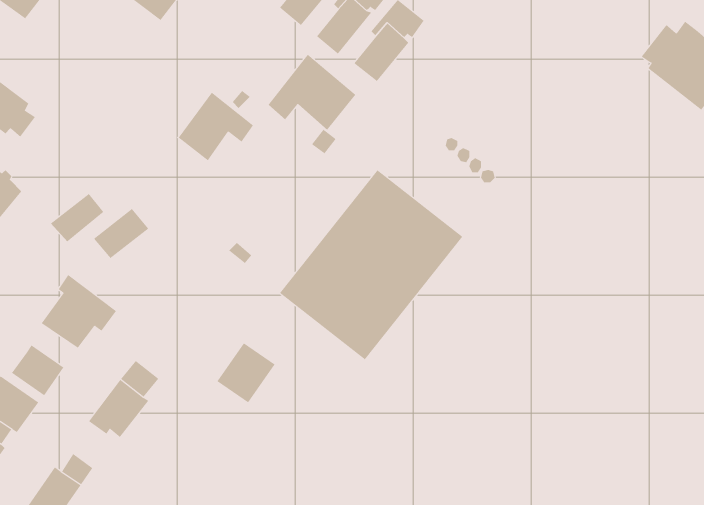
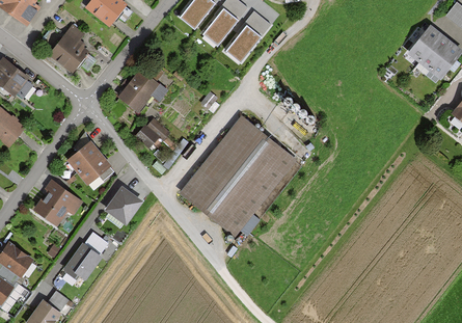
building: none -> [49,25,85,71]
building: [268,54,356,131] -> none
building: none -> [134,122,163,151]
building: [50,193,104,242] -> [77,153,110,183]
building: [216,342,276,403] -> [105,189,141,226]
building: [11,345,64,396] -> none

